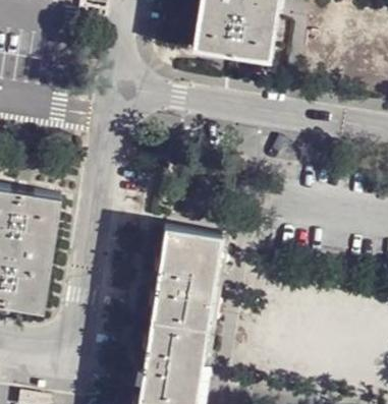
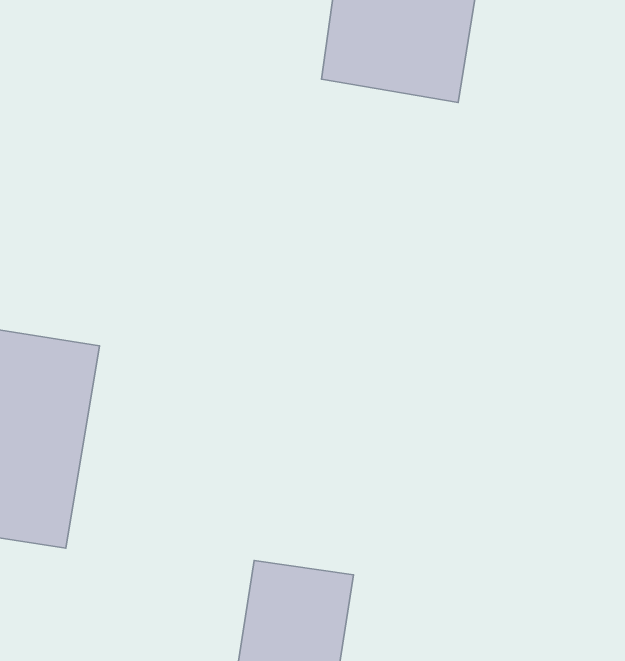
building: [151,231,221,334] -> none

